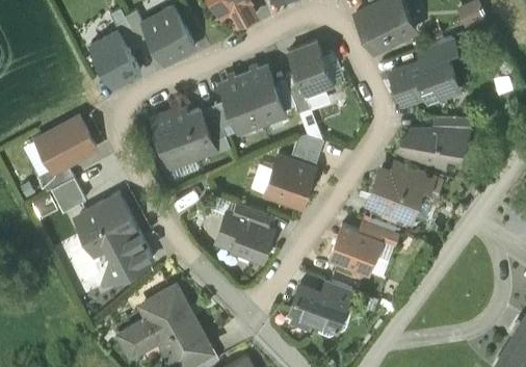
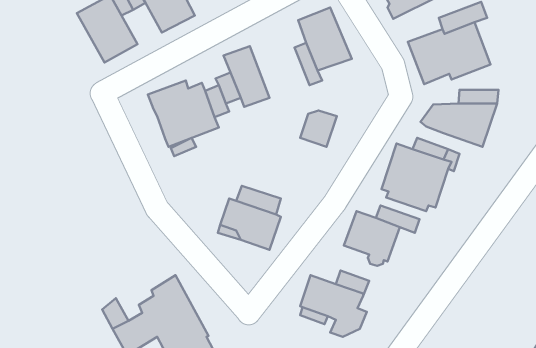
building: [243,68,284,124] -> none
building: [35,116,99,177] -> none
building: [264,156,313,208] -> none
building: [50,179,84,213] -> none
building: [70,190,156,291] -> none

